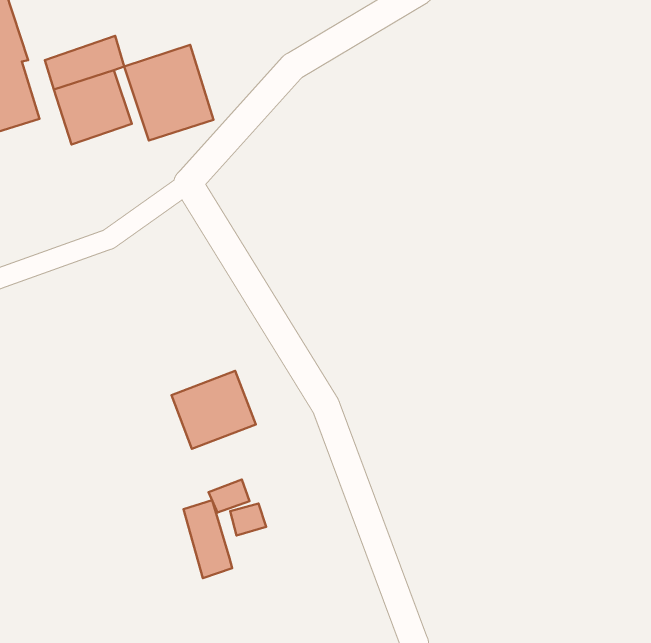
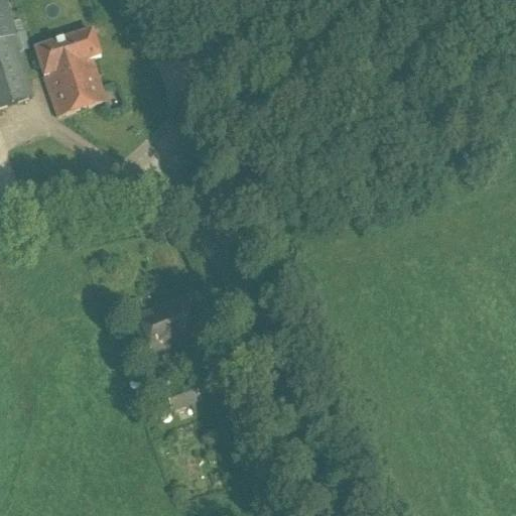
building: [124,45,214,141] -> none
building: [184,500,232,578] -> none

